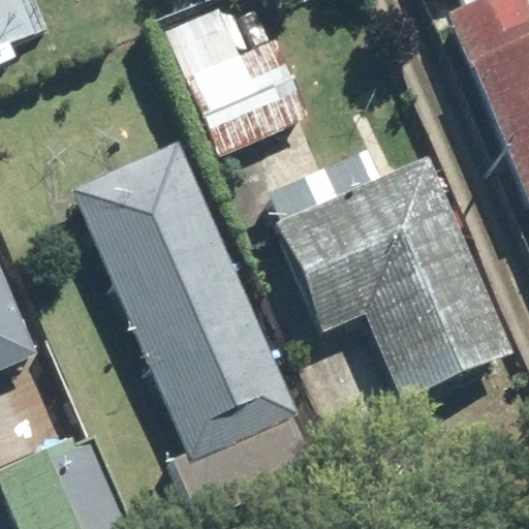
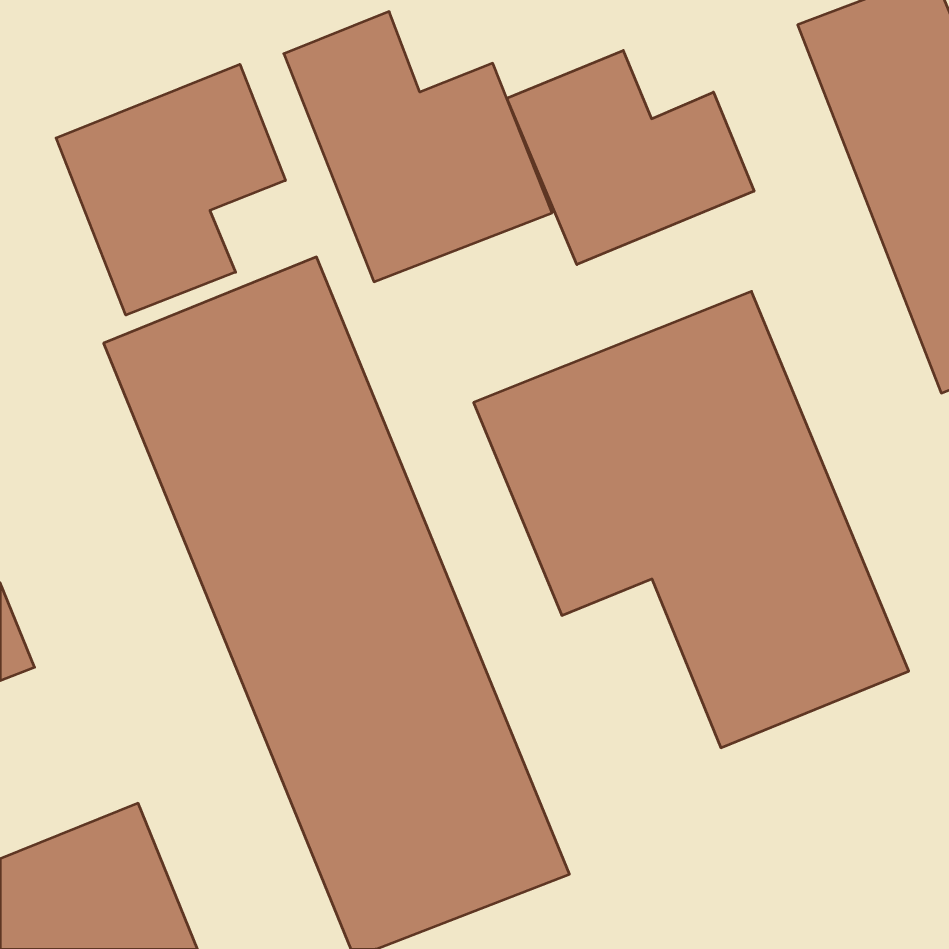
building: none -> [507,50,754,265]
building: none -> [56,64,285,315]

